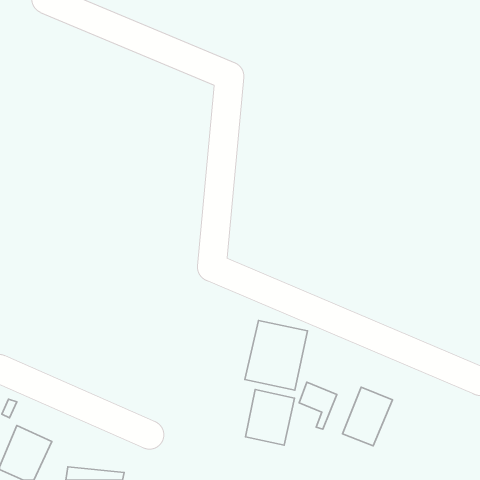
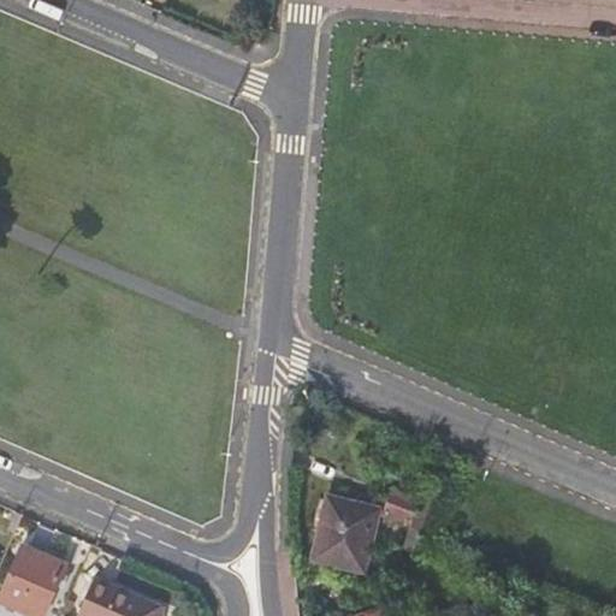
building: [245,320,307,390] -> none
building: [342,387,392,446] -> none

